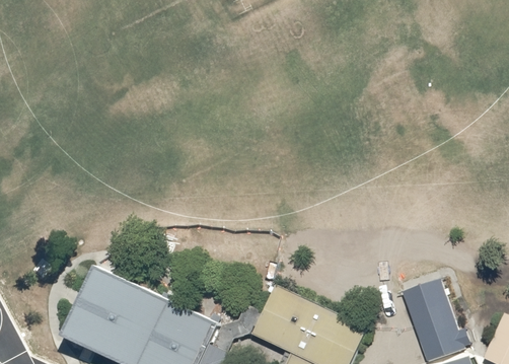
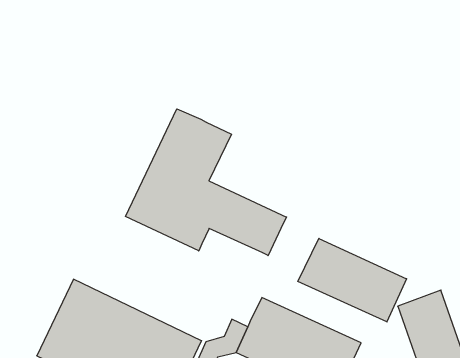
building: none -> [125,109,287,256]
building: none -> [298,238,407,322]

